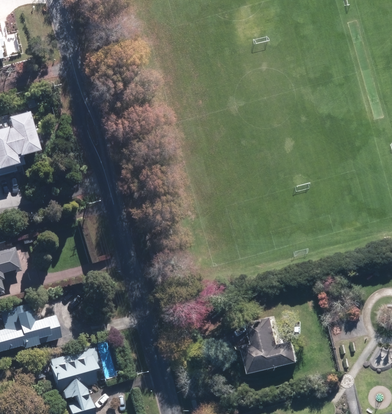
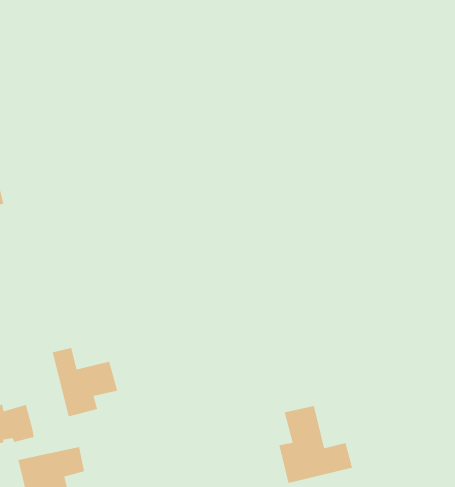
building: none -> [52,347,118,417]

